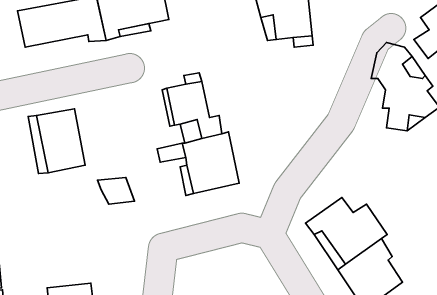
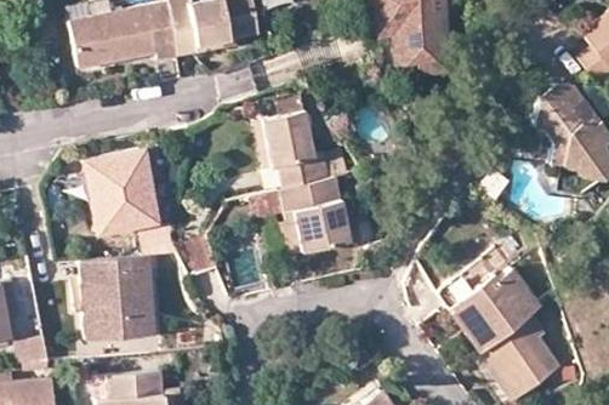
building: none -> [81,253,158,340]

